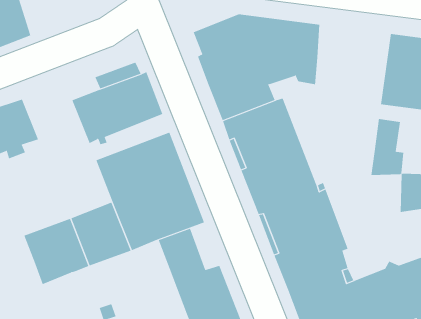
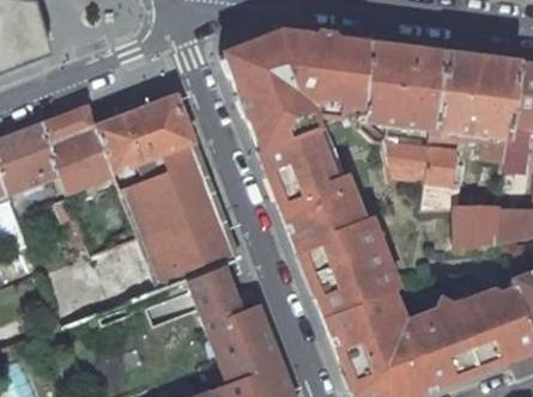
building: none -> [362,43,444,130]
building: none -> [41,106,114,191]
building: none -> [382,140,431,182]

